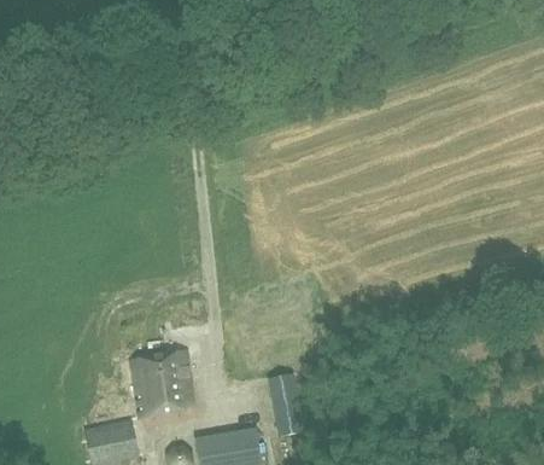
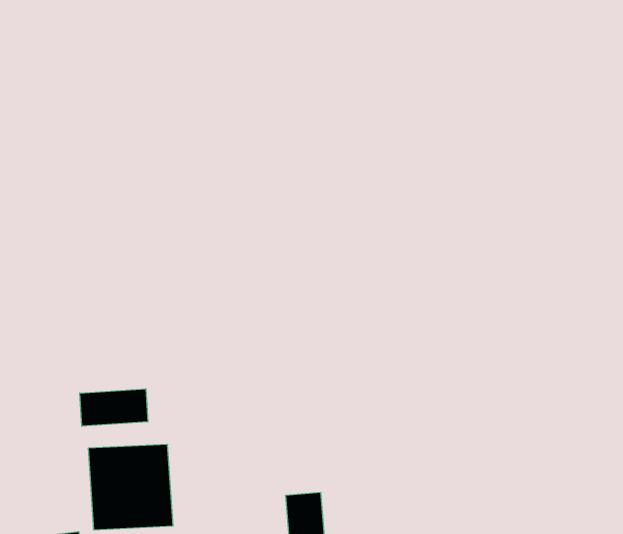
building: none -> [80,389,148,426]

